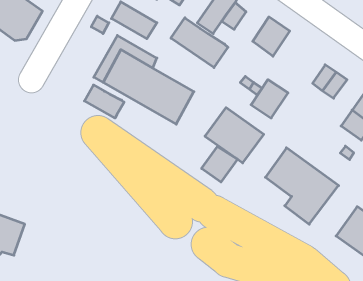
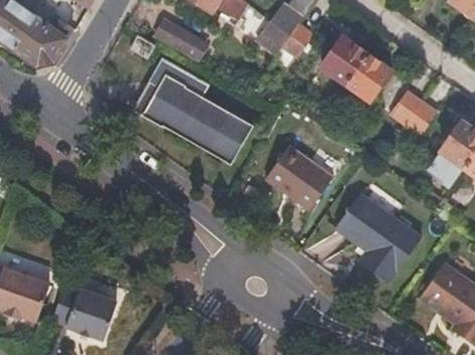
building: [171,18,228,68] -> none
building: [251,80,288,118] -> [346,53,390,100]
building: [84,85,124,118] -> none
building: [202,147,237,182] -> none
building: none -> [53,286,117,341]

